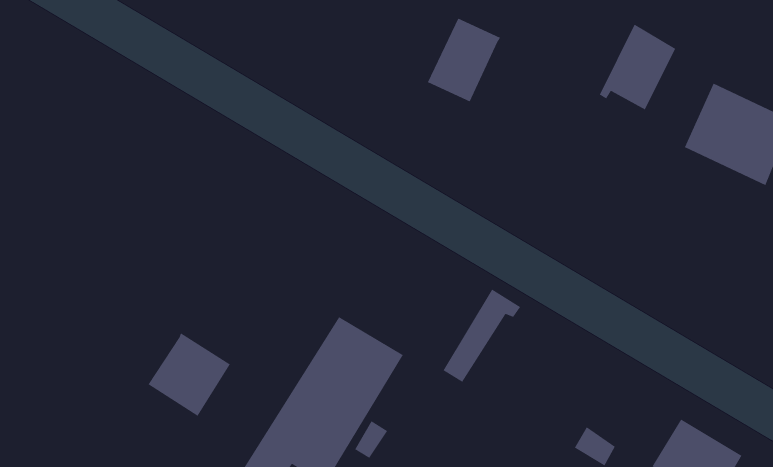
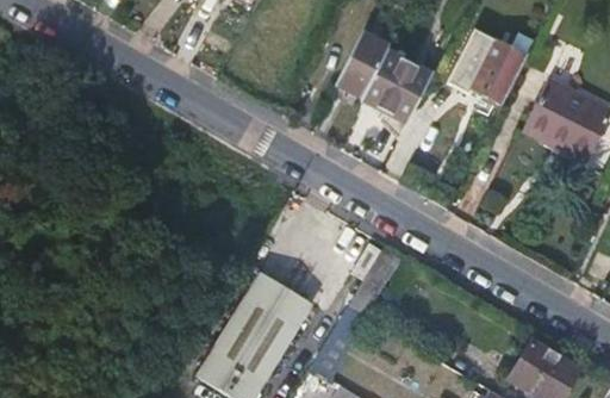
building: none -> [442,26,493,93]
building: none -> [366,52,432,124]
building: [147,332,231,417] -> none

